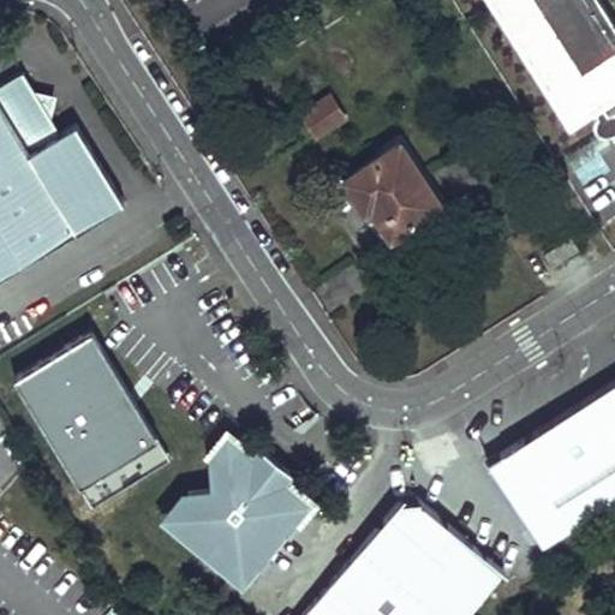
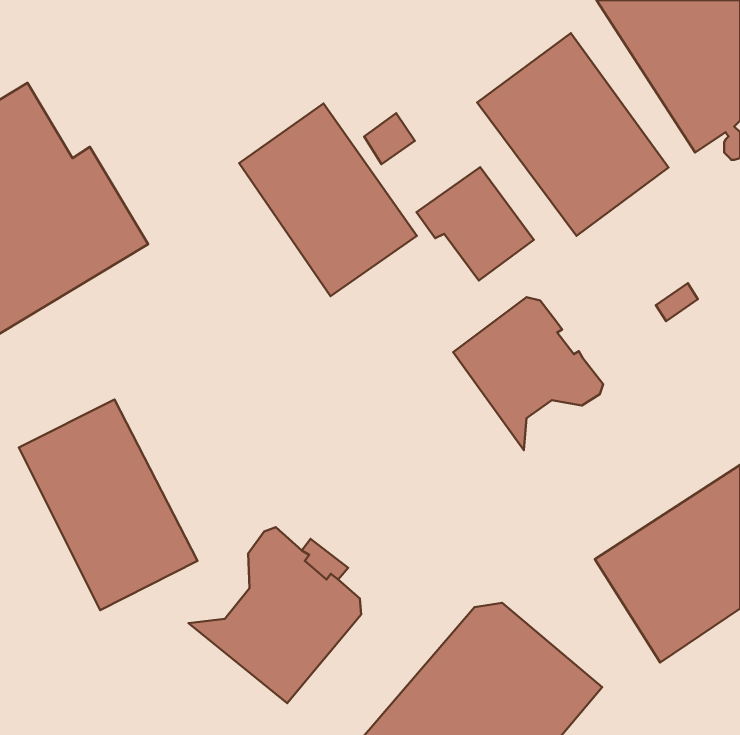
building: none -> [477,33,669,236]
building: none -> [239,103,417,296]
building: none -> [453,297,603,450]

